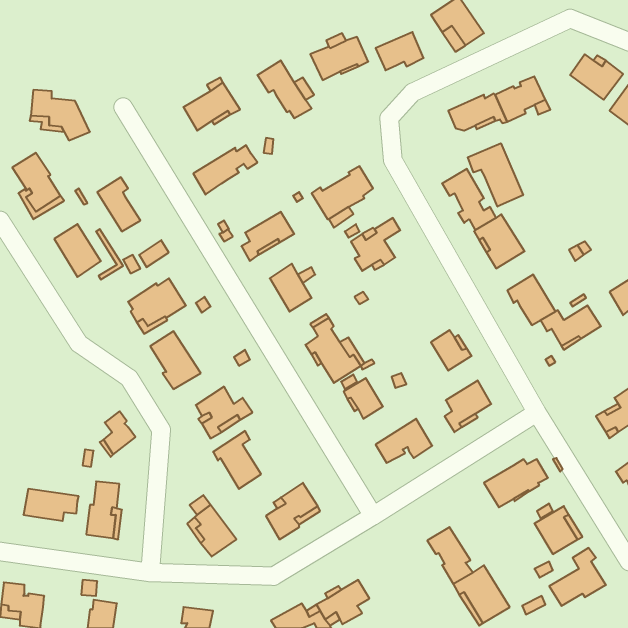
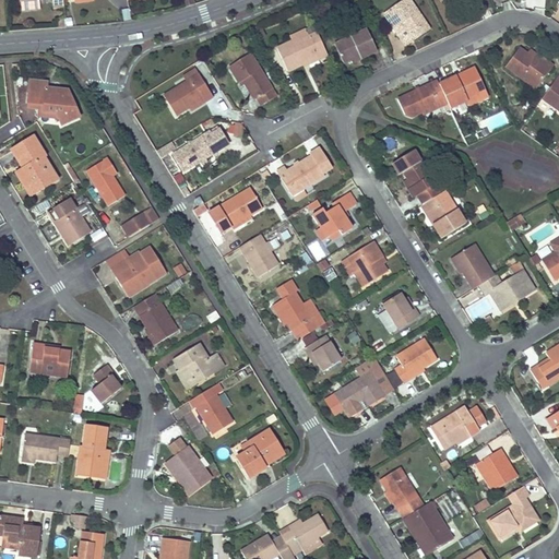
building: [468,143,523,207] -> none
building: none -> [341,241,385,286]
building: none -> [29,343,71,377]

